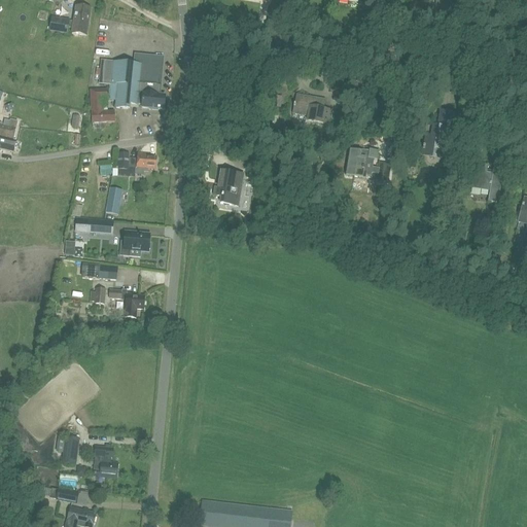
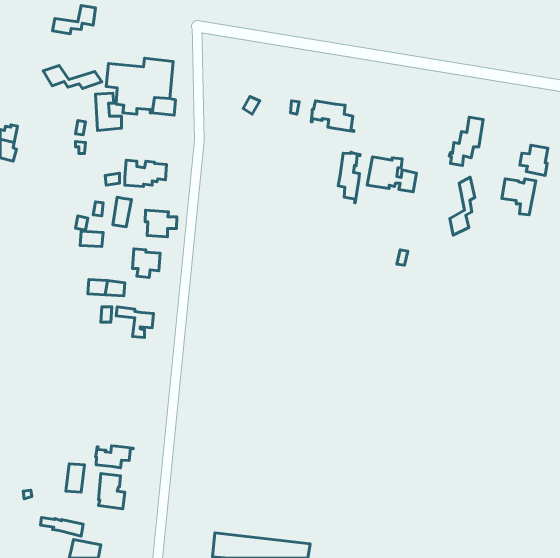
building: none -> [43,66,102,89]
building: none -> [520,145,548,175]
building: none -> [338,152,360,203]
building: none -> [450,177,475,235]
building: [212,169,244,206] -> none
building: none -> [145,210,177,237]
building: none -> [96,446,133,468]

